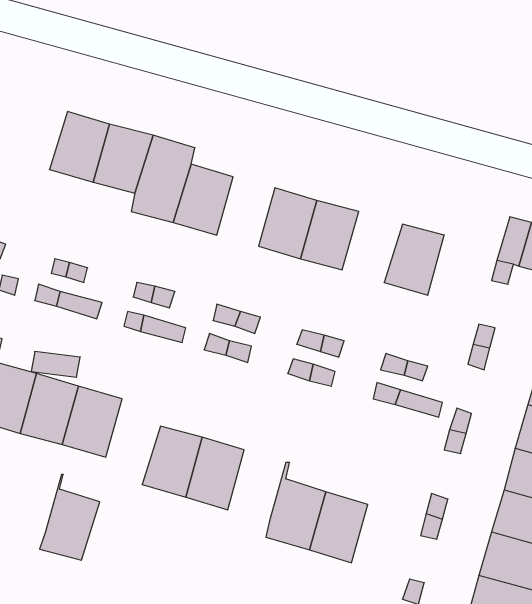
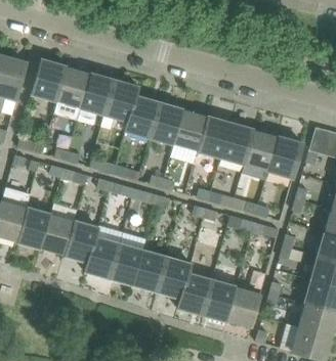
building: none -> [32,59,66,99]
building: none -> [150,103,182,142]
building: none -> [220,123,254,163]
building: none -> [268,136,301,176]
building: none -> [156,257,188,297]
building: [40,475,100,560] -> [84,228,118,276]
building: none -> [225,287,259,326]

